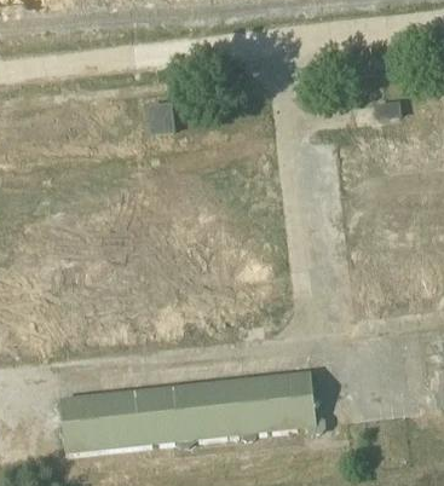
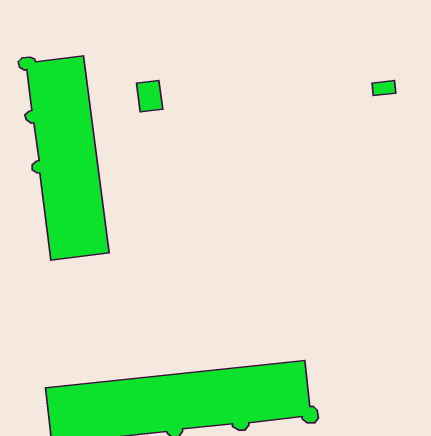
building: none -> [18,56,109,260]

